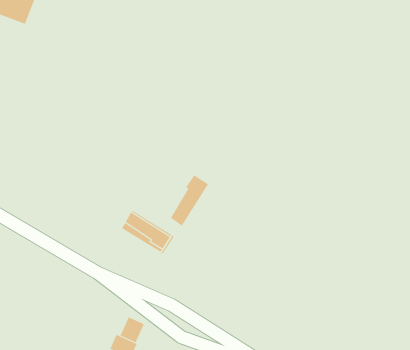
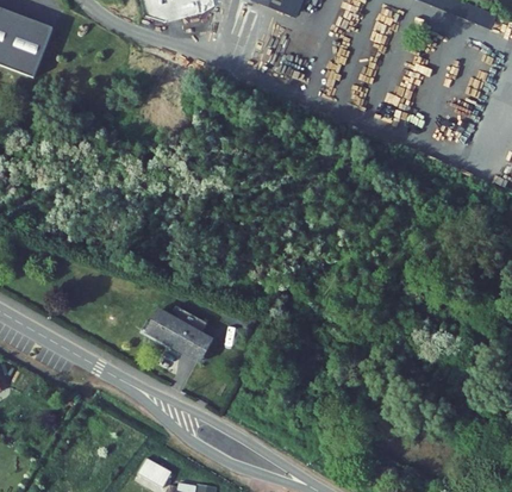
building: [170,174,209,226] -> none
building: [120,317,145,343] -> none

